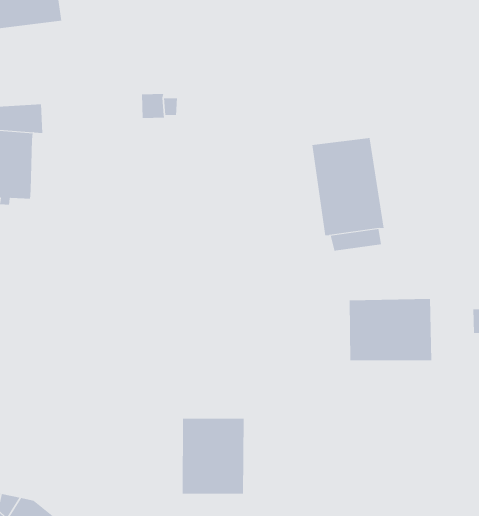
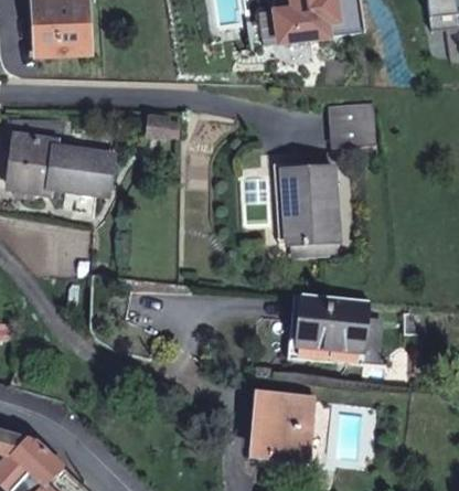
building: none -> [329,103,373,142]
building: none -> [51,145,108,192]
building: [182,418,244,494] -> [259,394,316,460]

